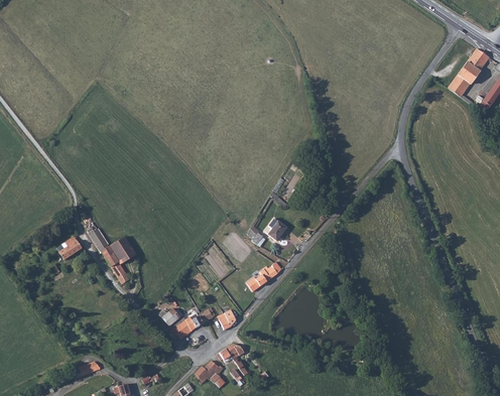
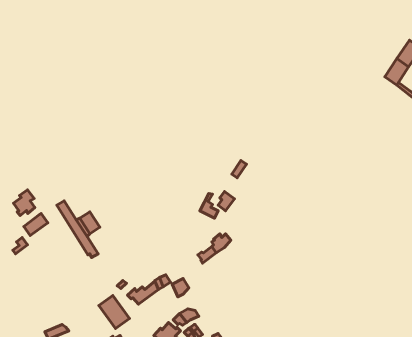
building: none -> [13,190,35,216]
building: none -> [99,296,130,329]

